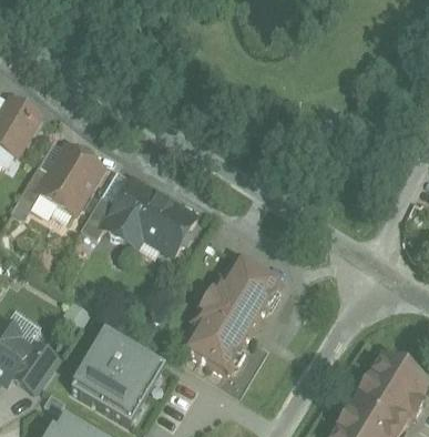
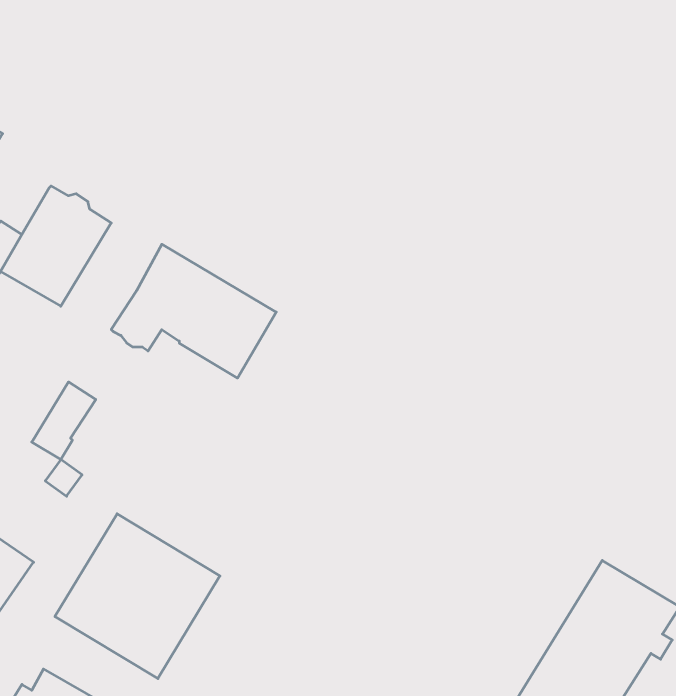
building: [80,191,116,235] -> [32,382,96,459]
building: [184,254,280,369] -> none

